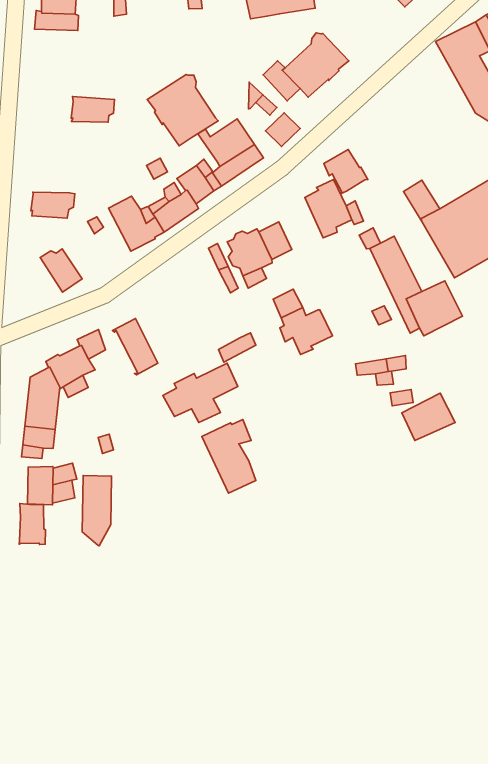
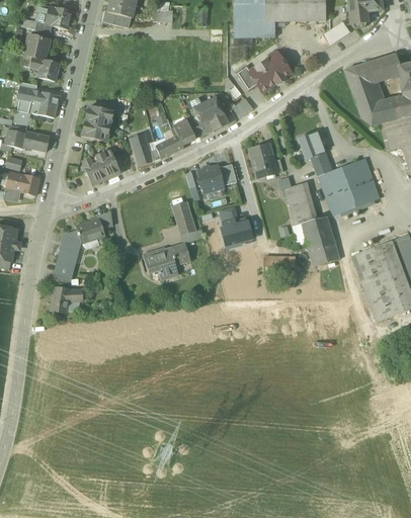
building: [147,75,218,146] -> none
building: [71,96,115,122] -> [84,105,112,124]
building: [324,149,368,194] -> [299,132,324,158]
building: none -> [95,152,119,178]
building: [112,319,158,375] -> [171,200,195,235]
building: [402,393,455,441] -> [308,239,339,265]
building: [202,419,256,493] -> none
building: [82,476,111,546] -> none
building: [19,503,46,545] -> none

